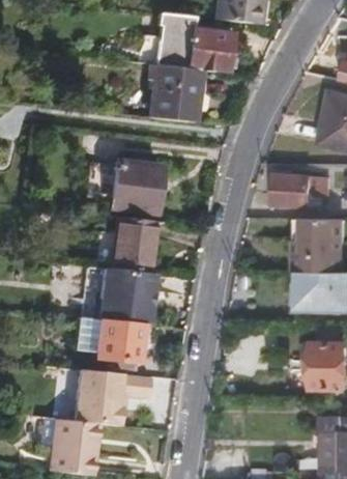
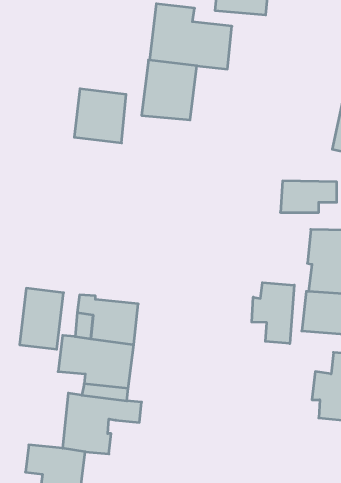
building: [108,160,155,209] -> [74,89,126,143]
building: [110,216,150,272] -> [20,288,64,349]
building: none -> [252,283,294,344]

